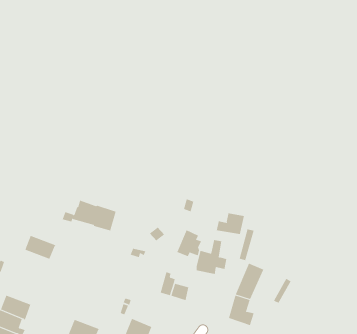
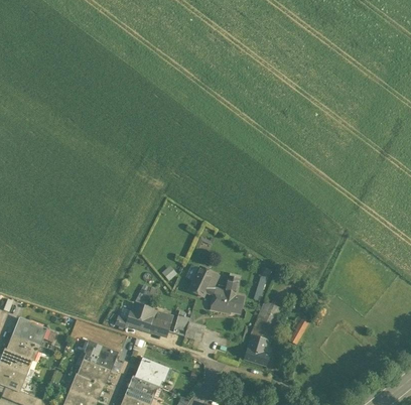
building: [62,200,117,231] -> [116,304,172,336]
building: [216,212,244,235] -> none
building: [24,235,57,260] -> [13,319,46,345]
building: none -> [81,340,117,370]

